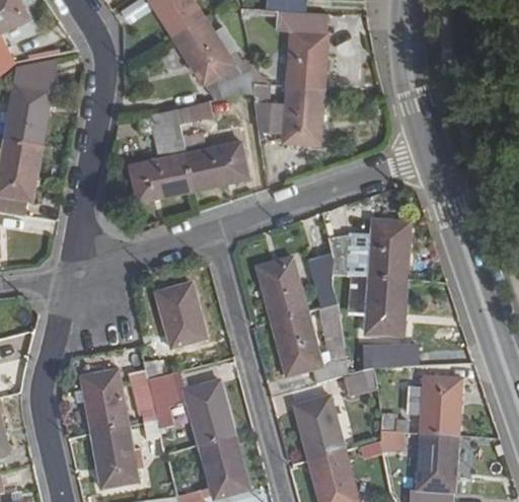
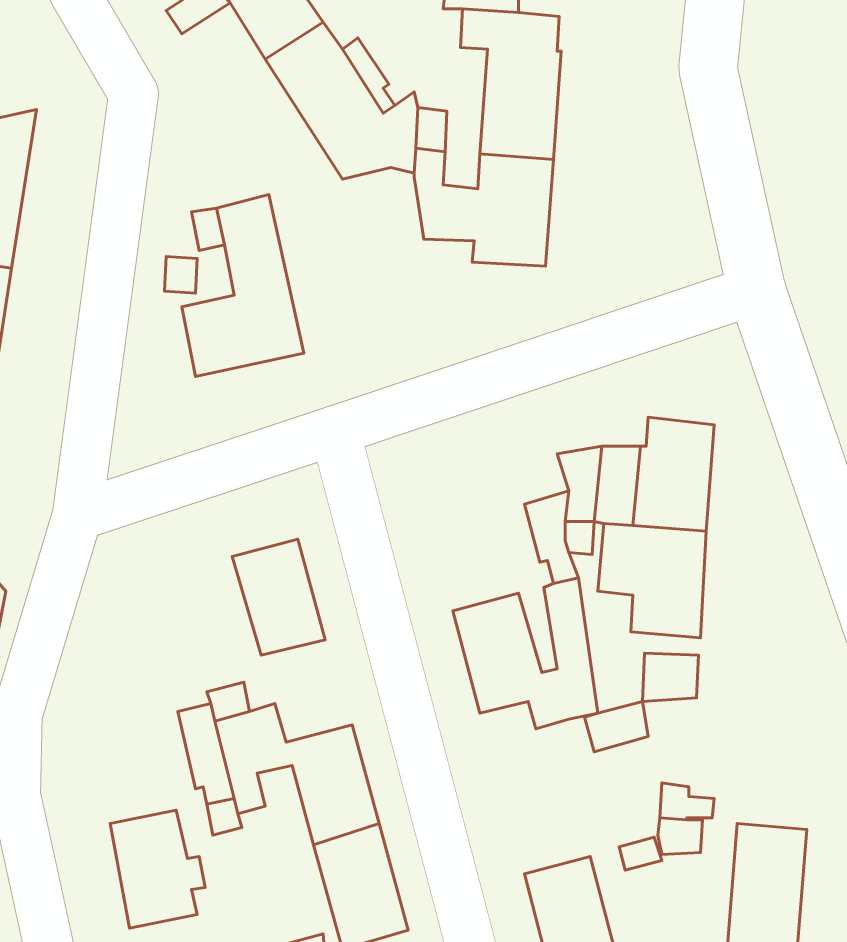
building: [175,97,248,188] -> none
building: [257,261,306,322] -> none
building: [82,372,127,434] -> none
building: [405,378,460,437] -> none
building: [295,398,344,460] -> none

